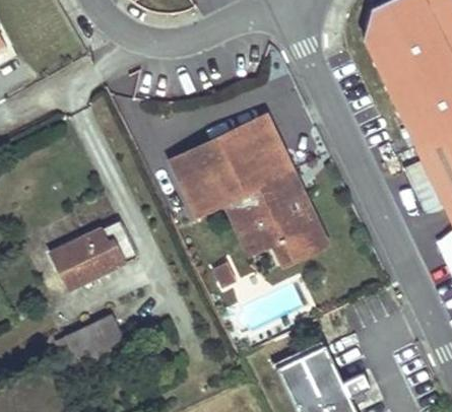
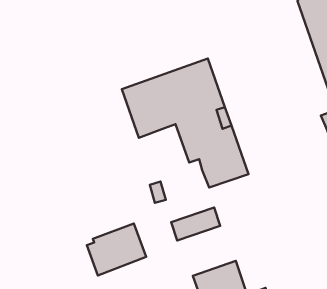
building: [224,194,273,256] -> none
building: [51,219,136,287] -> none
building: [59,313,129,376] -> [87,224,146,275]

